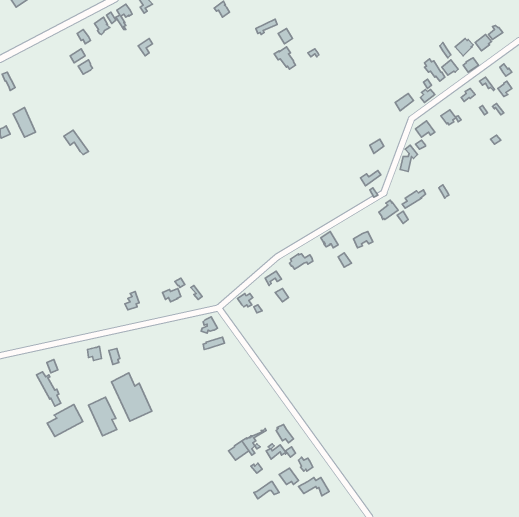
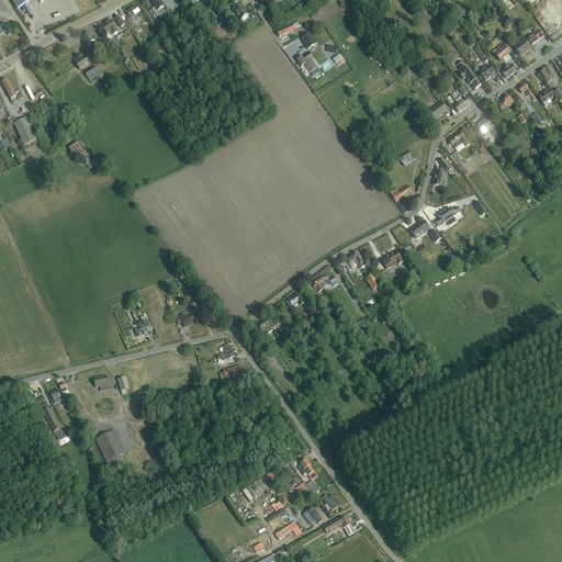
building: [111,373,152,421] -> none
building: [47,405,83,437] -> none

